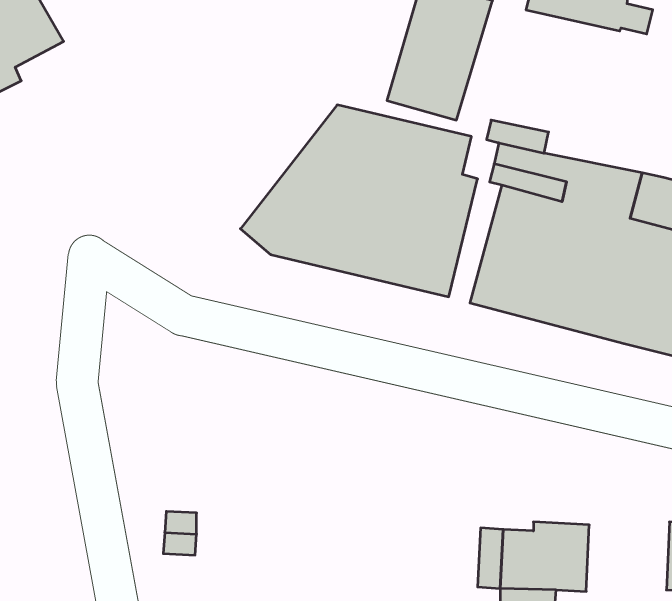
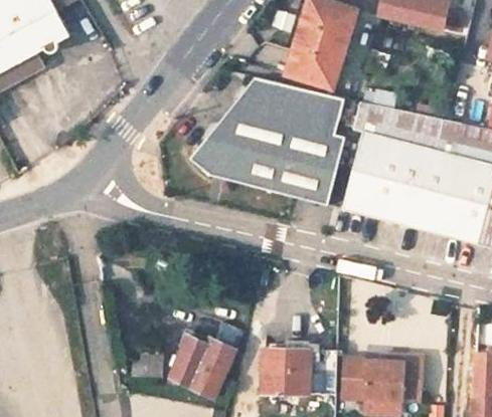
building: none -> [170,338,234,396]
building: none -> [261,350,334,393]

